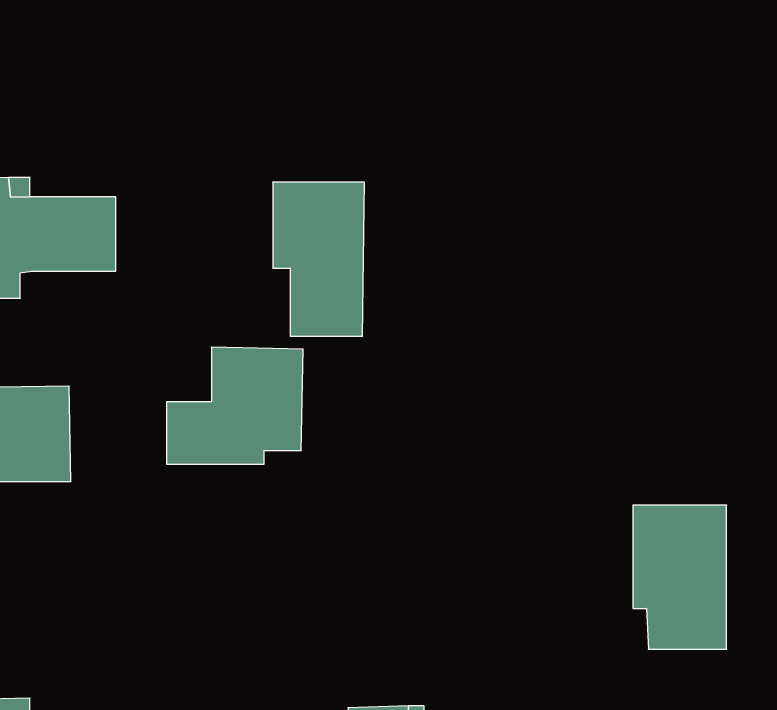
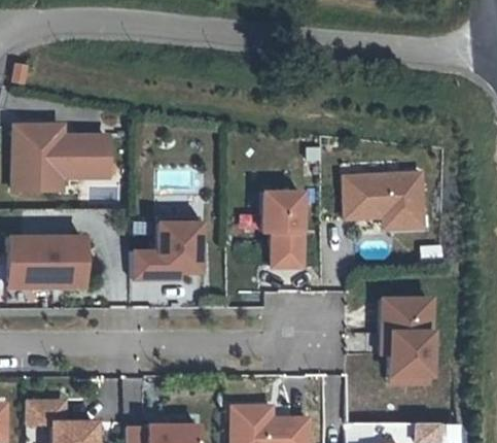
building: [273,182,364,336] -> [263,186,312,268]
building: none -> [343,173,424,229]

